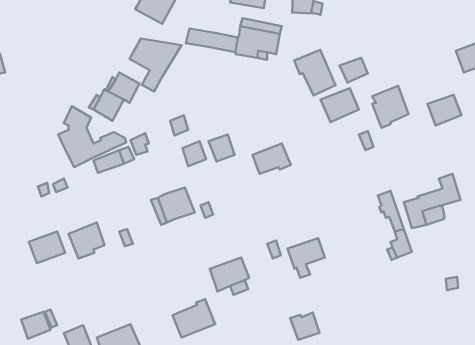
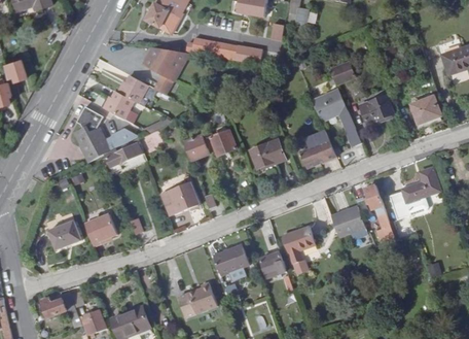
building: [294,50,336,96] -> none
building: none -> [298,131,336,167]
building: none -> [333,209,368,240]
building: [290,313,320,340] -> [260,251,287,276]

